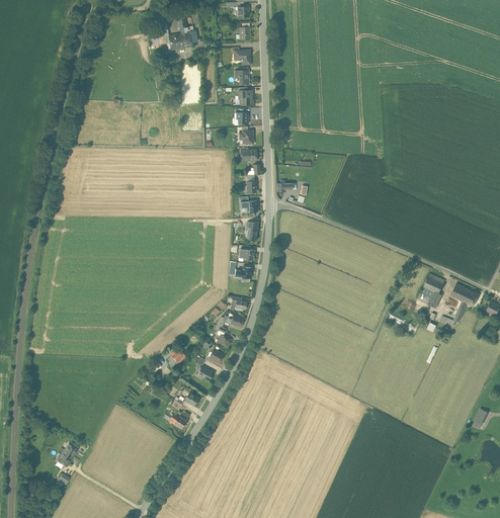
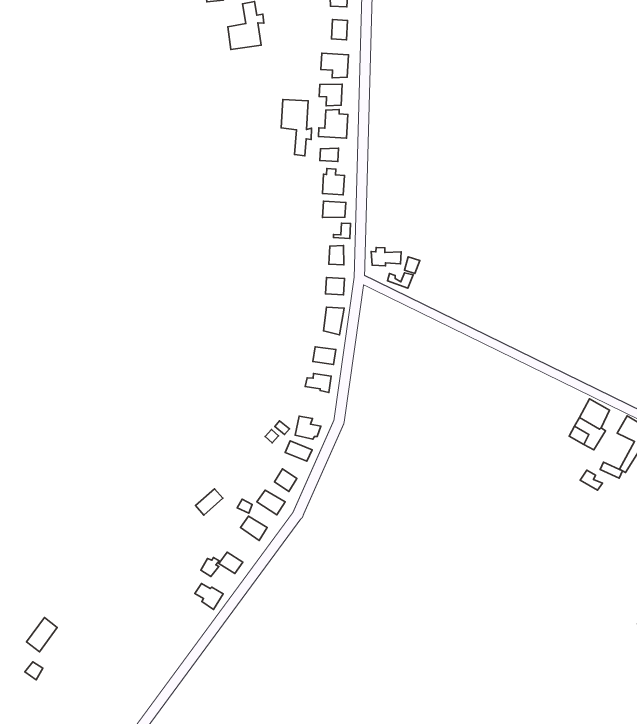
building: none -> [281,100,311,156]

